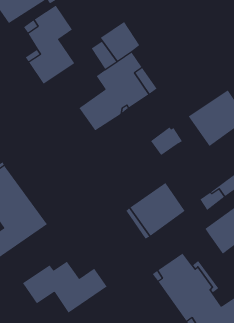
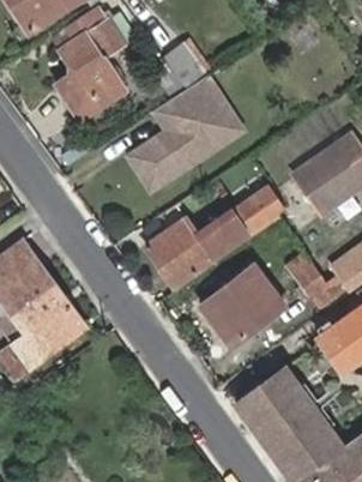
building: none -> [143,210,245,285]
building: [22,261,107,314] -> none

